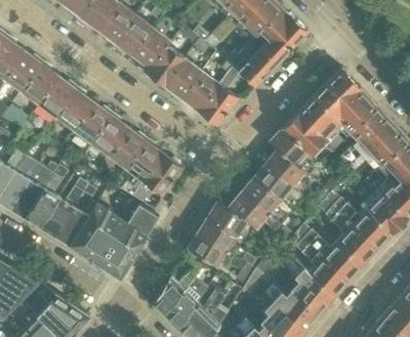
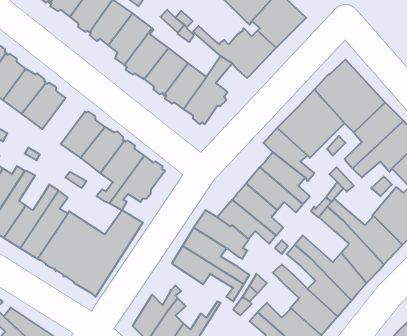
building: [73,102,111,143] -> none

